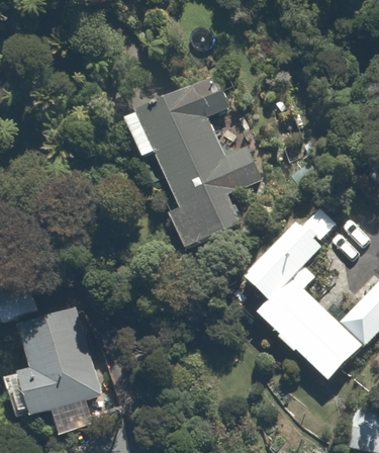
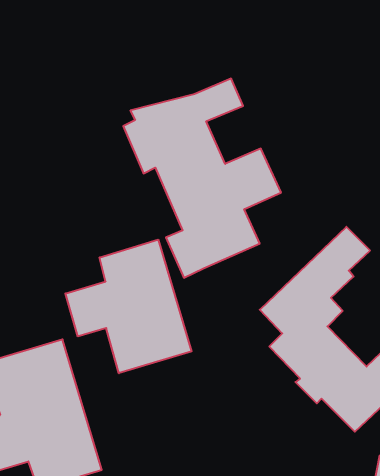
building: none -> [65,240,192,373]

